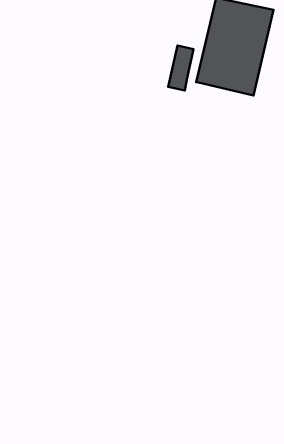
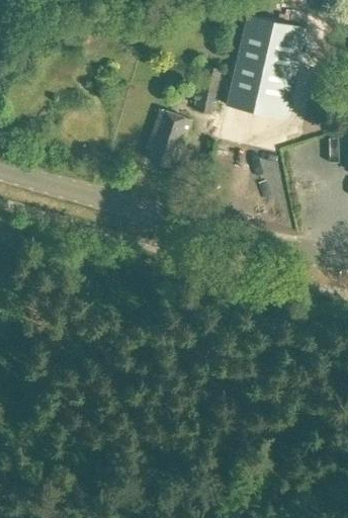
building: none -> [148,112,192,168]

